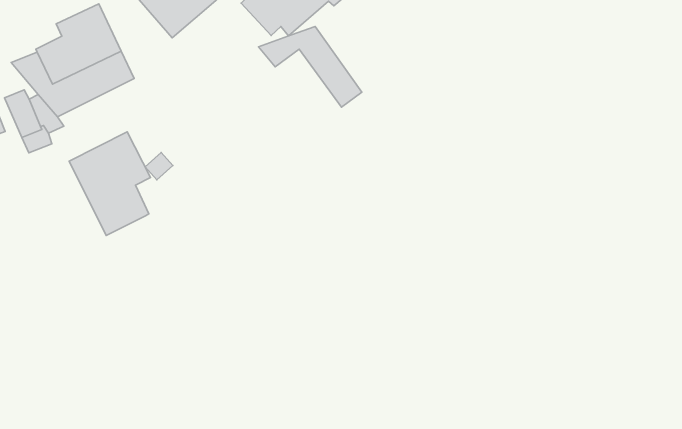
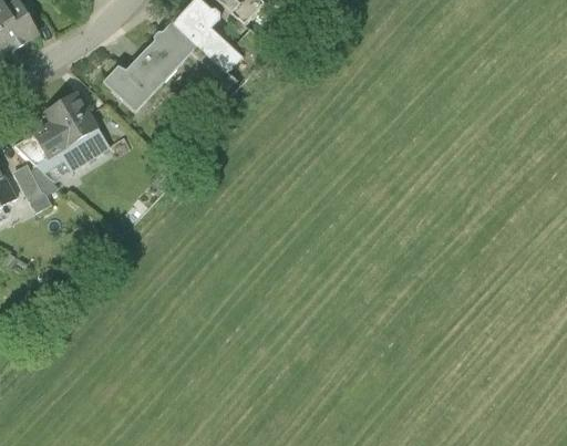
building: [259,27,362,107] -> none
building: [69,132,151,235] -> none

